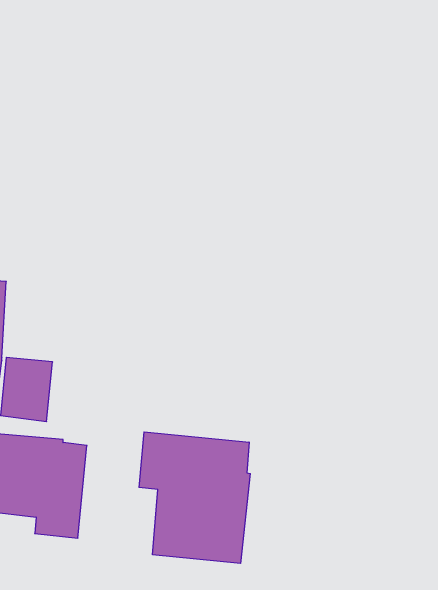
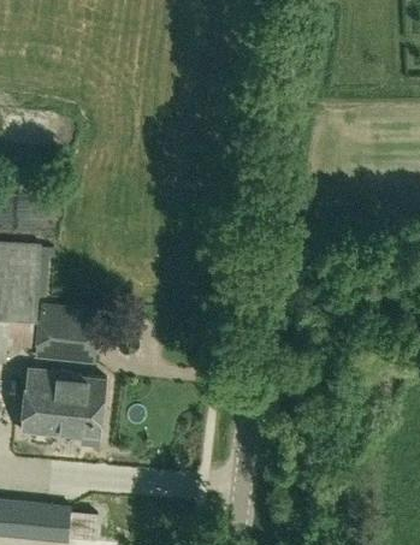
building: [139,432,250,563] -> none

